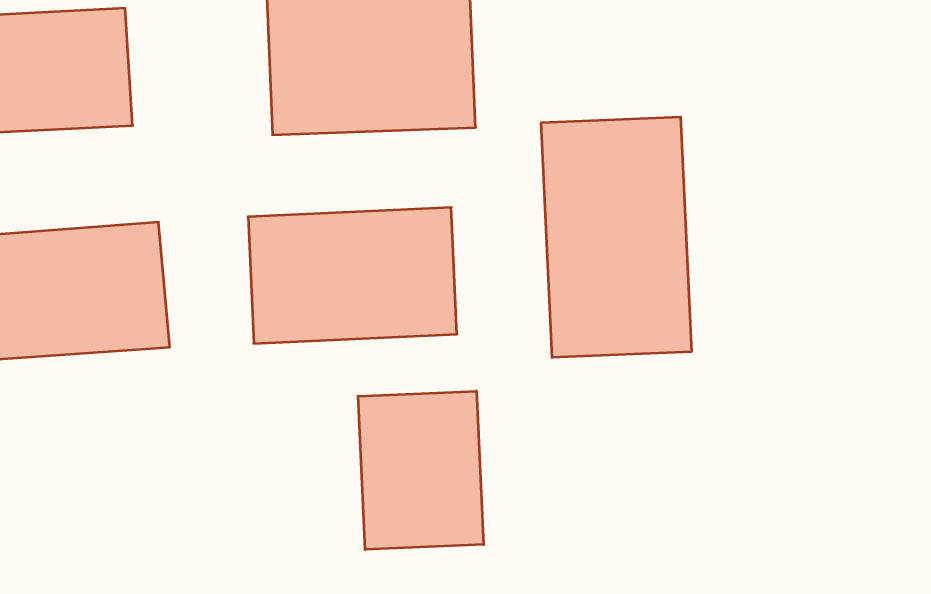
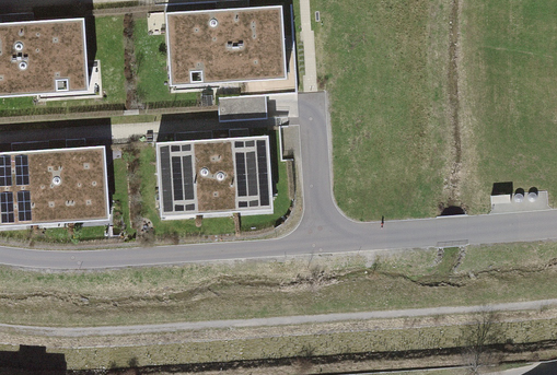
building: [541,117,691,358] -> none
building: [358,391,484,550] -> none

